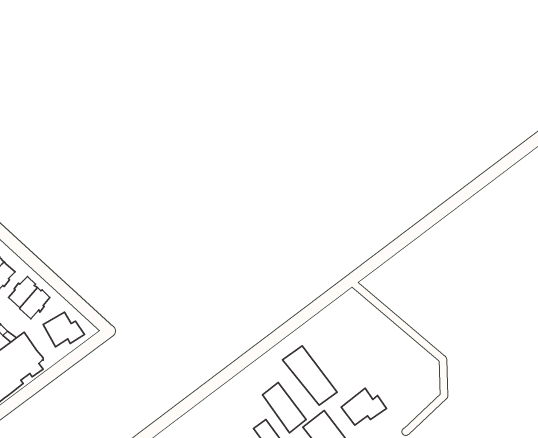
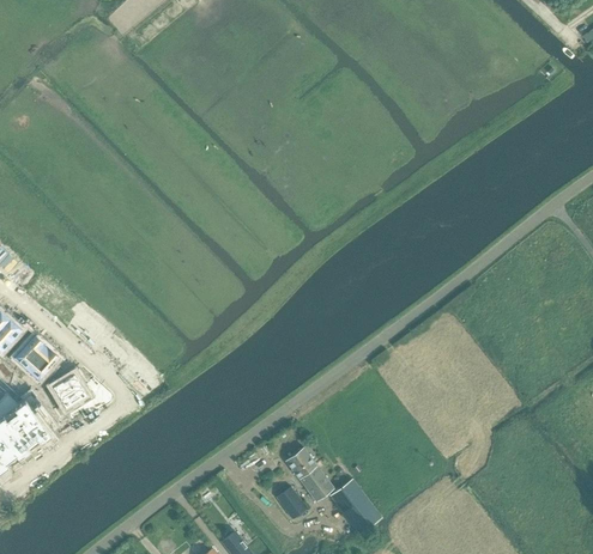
building: [282,346,337,405] -> none
building: [341,388,387,425] -> none

